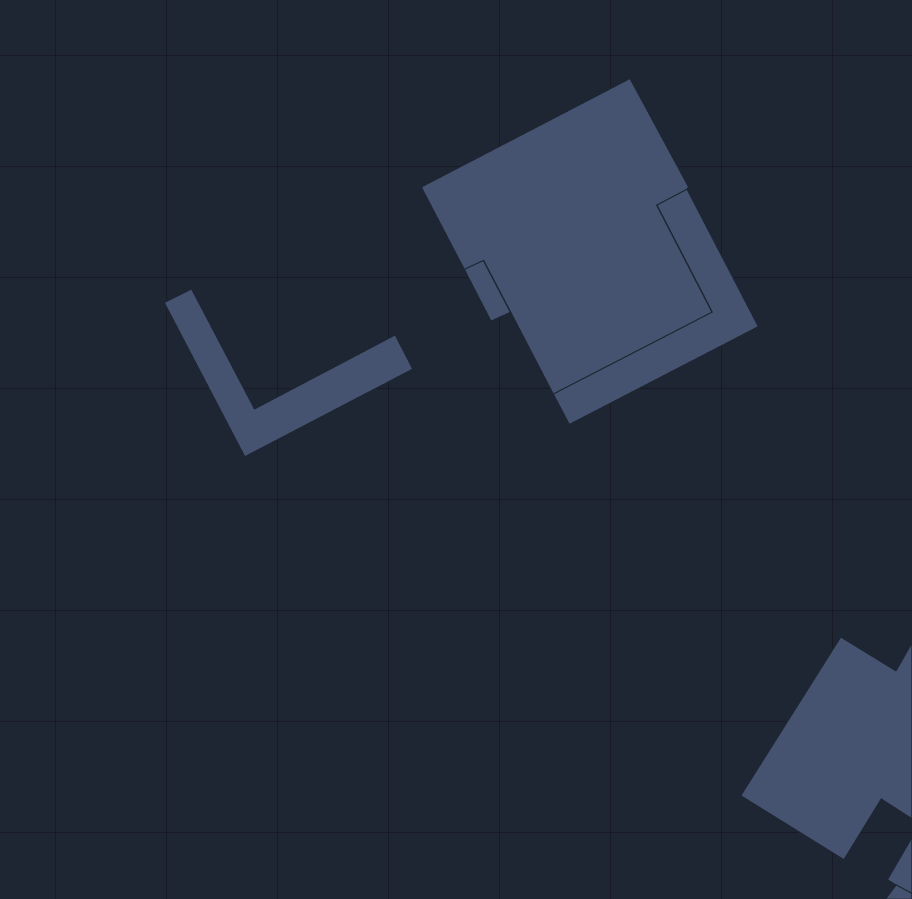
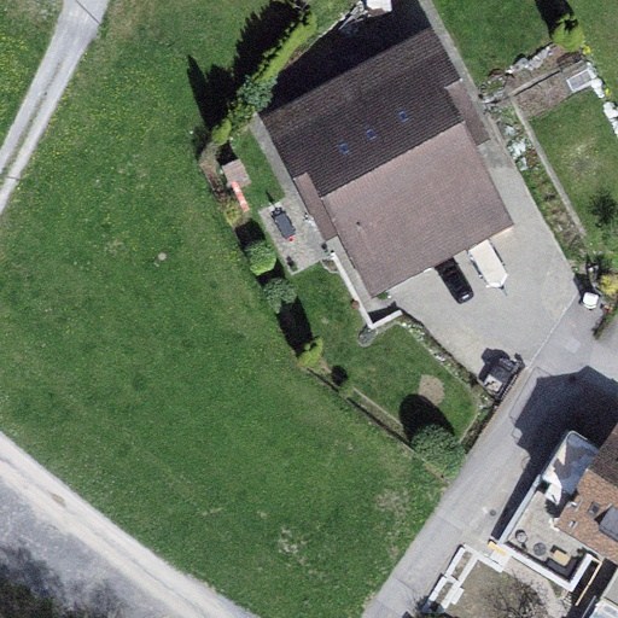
building: [164,289,413,457] -> none

